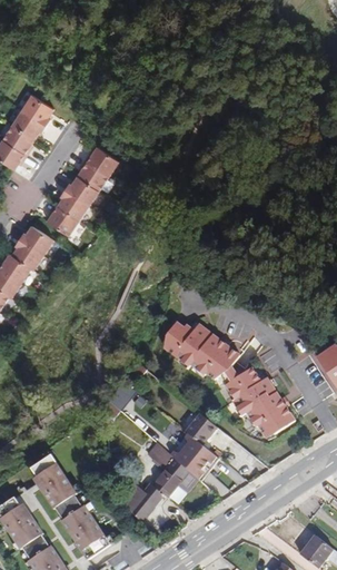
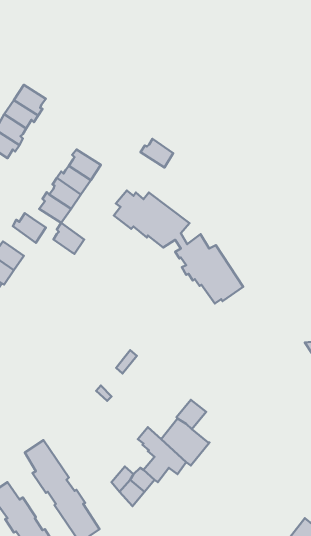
building: [85,147,118,176] -> [140,139,173,167]
building: [12,238,43,269] -> [53,223,84,254]
building: [163,322,295,436] -> [114,190,243,303]

